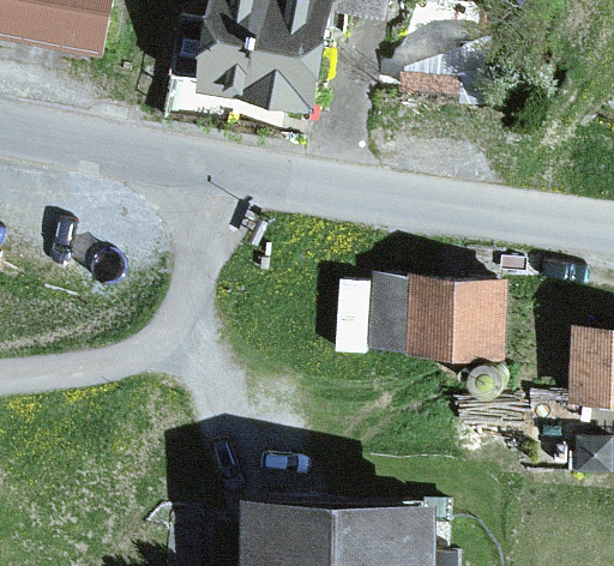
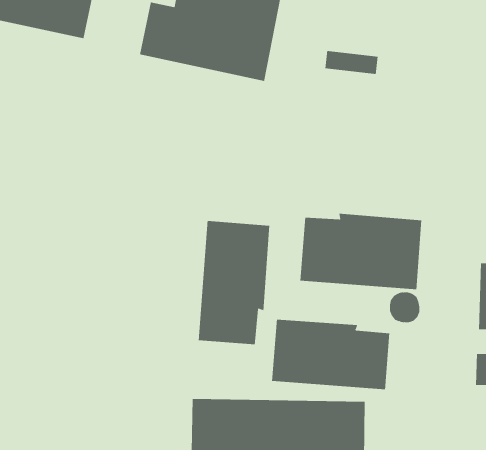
building: none -> [198,220,270,345]
building: none -> [271,319,390,390]

